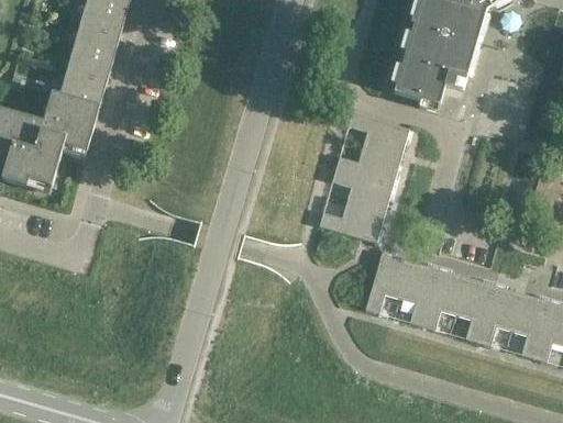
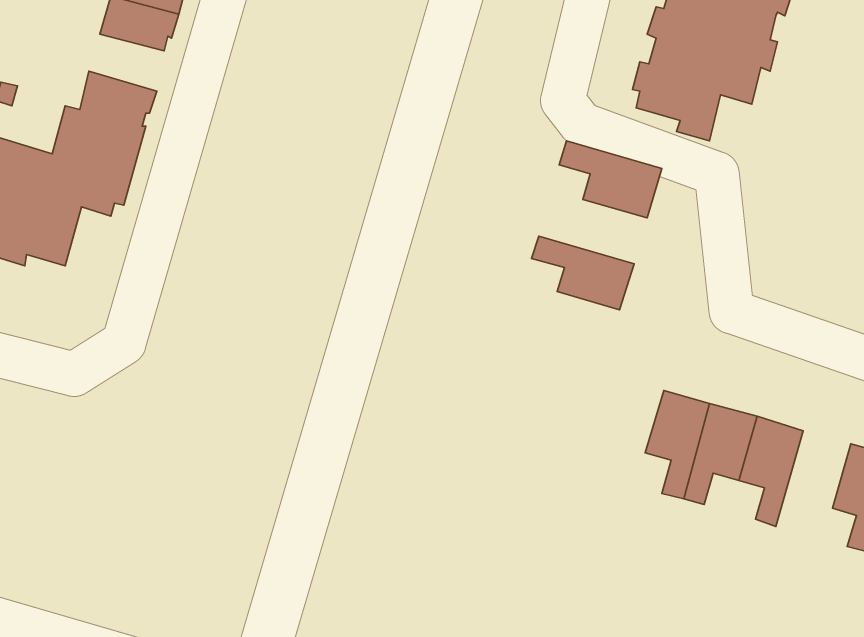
building: [65,47,110,81] -> none
building: [334,146,399,185] -> none
building: [318,201,383,242] -> none
building: [364,252,409,313] -> none
building: [476,285,521,345] -> none

